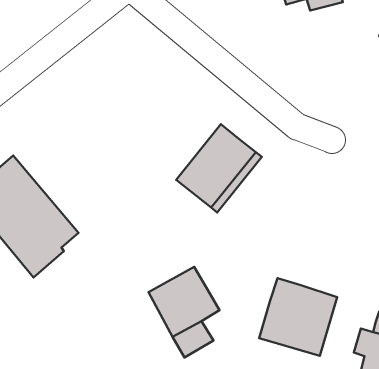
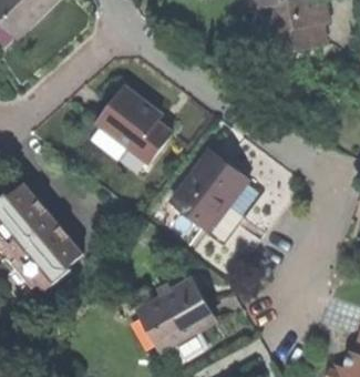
building: none -> [97,88,172,163]
building: [259,278,337,356] -> none

